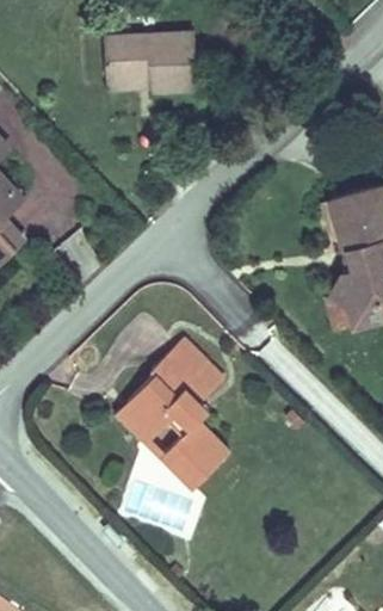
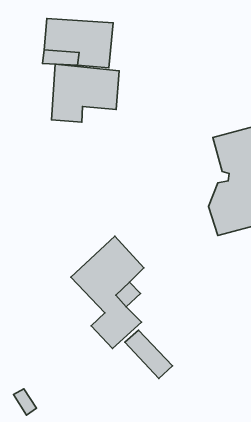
building: none -> [51,64,119,122]
building: [109,391,175,459] -> [125,330,172,379]

